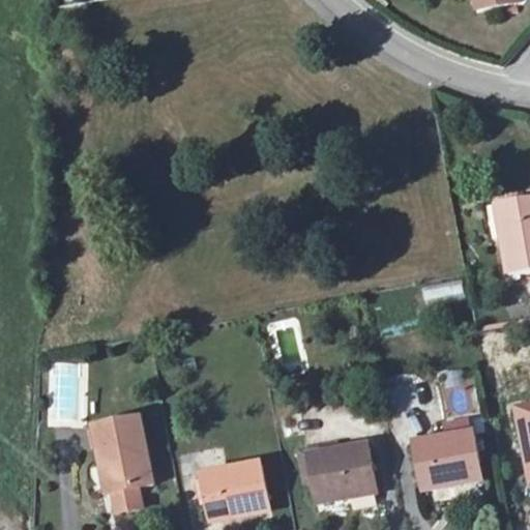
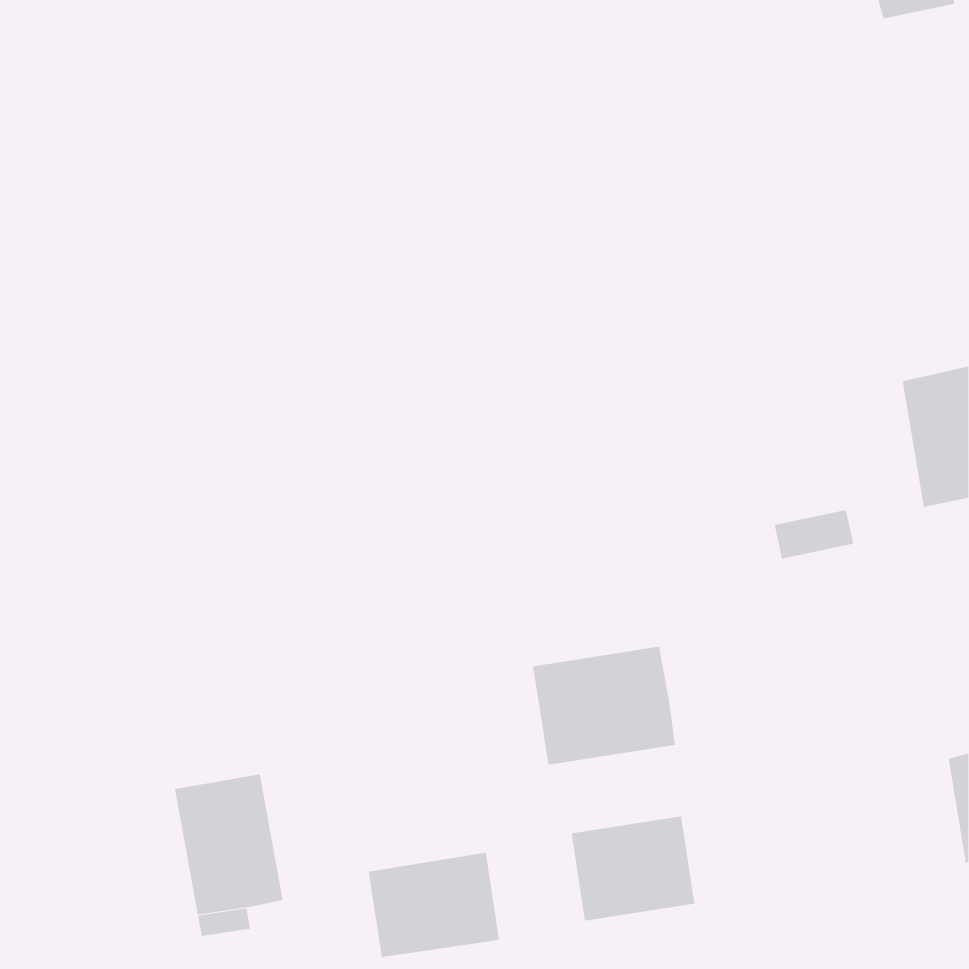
building: none -> [532,646,675,765]
building: [413,430,481,487] -> none

